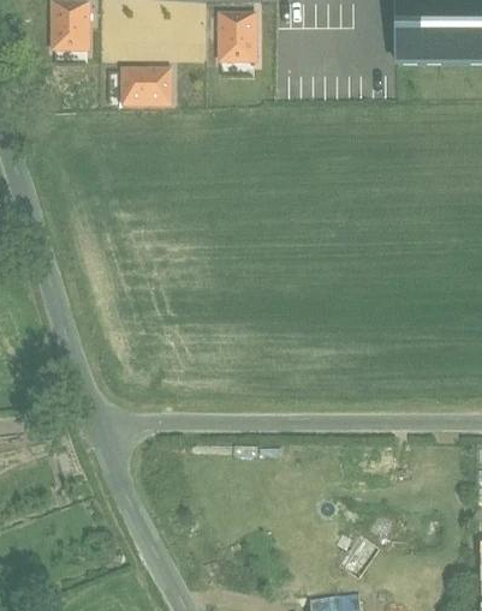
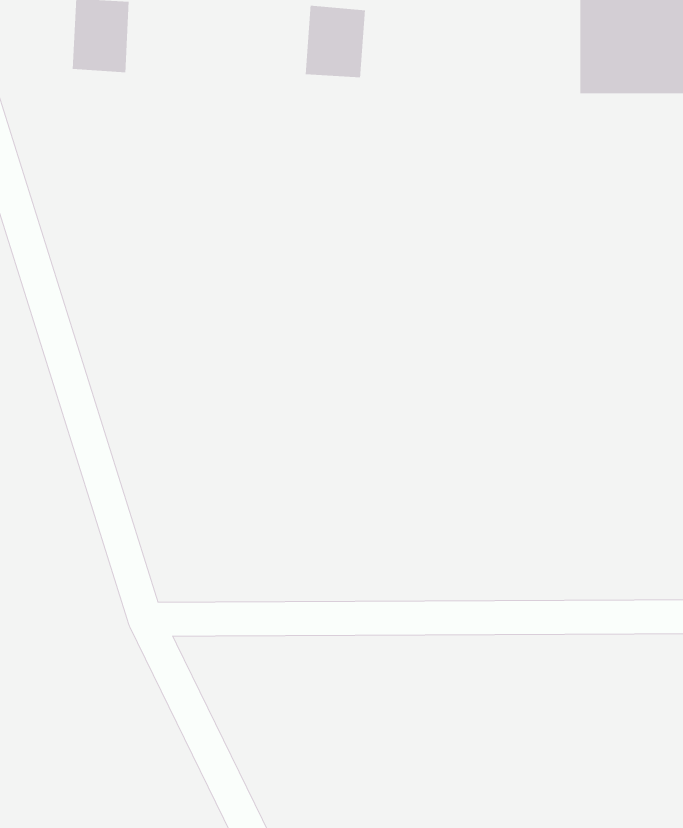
building: [117,58,167,102] -> none

